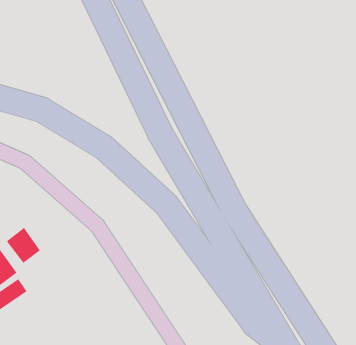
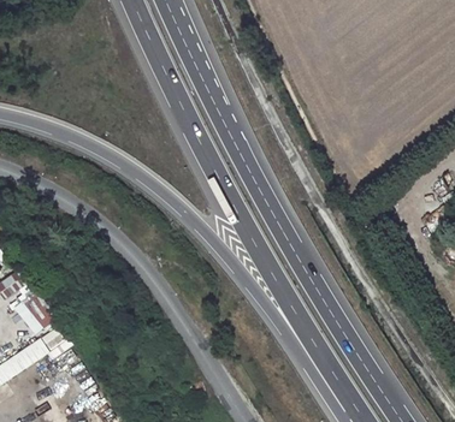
building: [6,227,41,264] -> none

